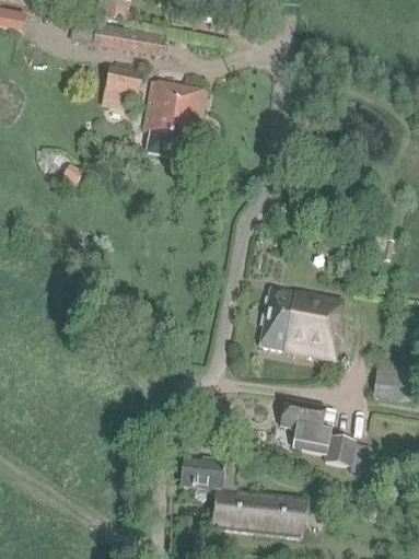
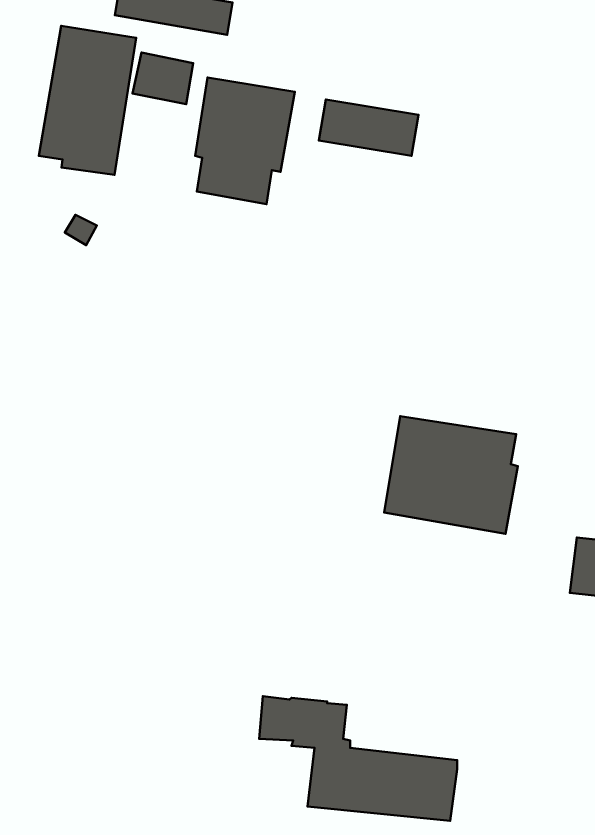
building: none -> [39,26,136,175]
building: none -> [319,100,419,156]
building: [279,398,370,473] -> none

